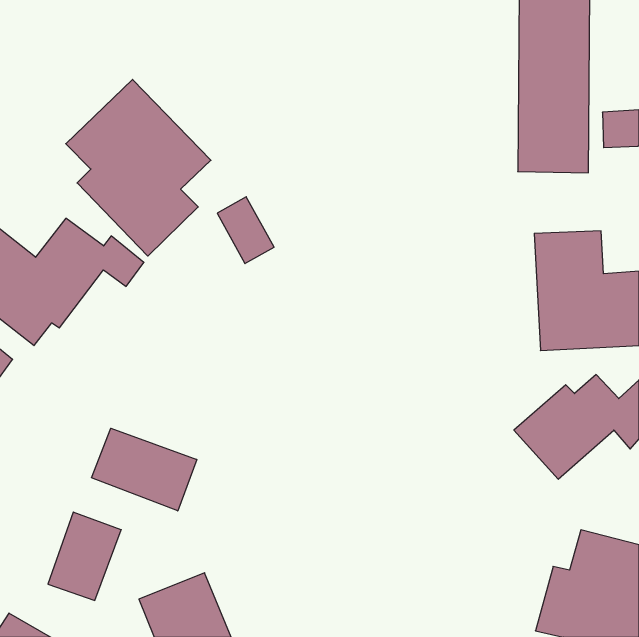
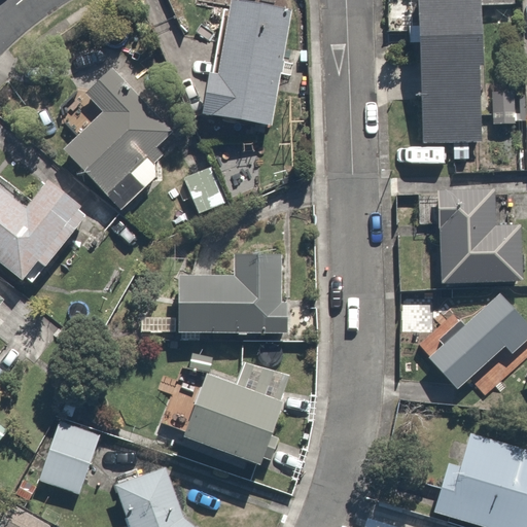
building: none -> [206,7,289,125]
building: none -> [180,253,288,337]
building: [92,428,197,511] -> none
building: none -> [188,377,290,467]

